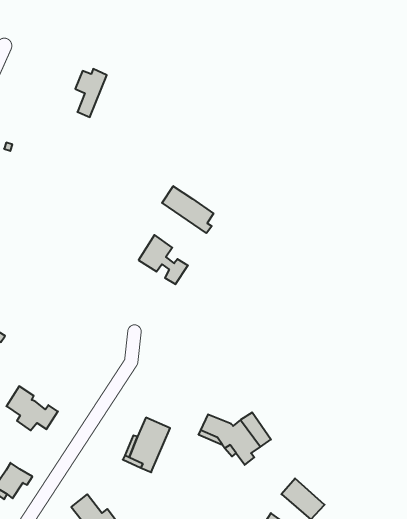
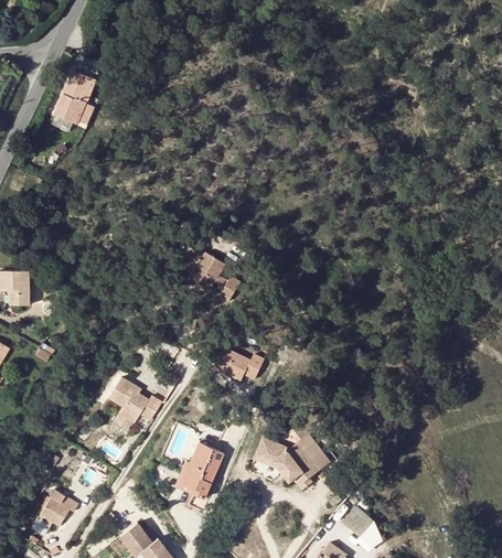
building: [75,69,107,117] -> [62,74,95,125]
building: [162,186,213,233] -> none
building: none -> [211,348,263,380]
building: [6,386,58,430] -> [106,375,160,421]

